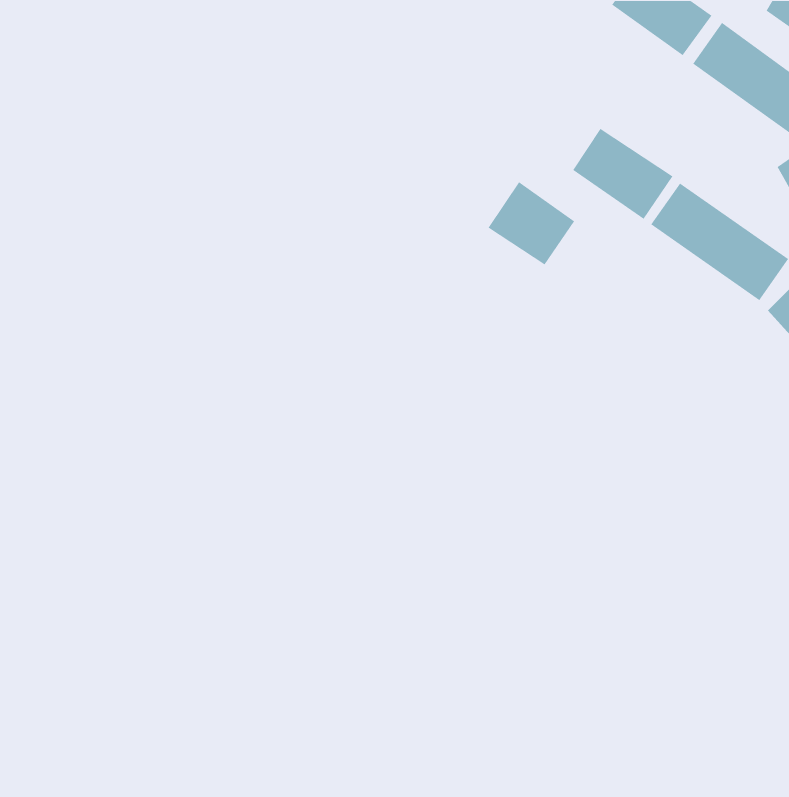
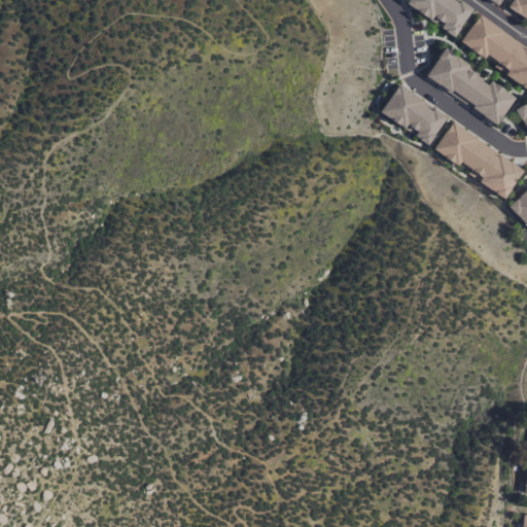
building: none -> [427,47,517,125]
building: [487,181,575,265] -> none

